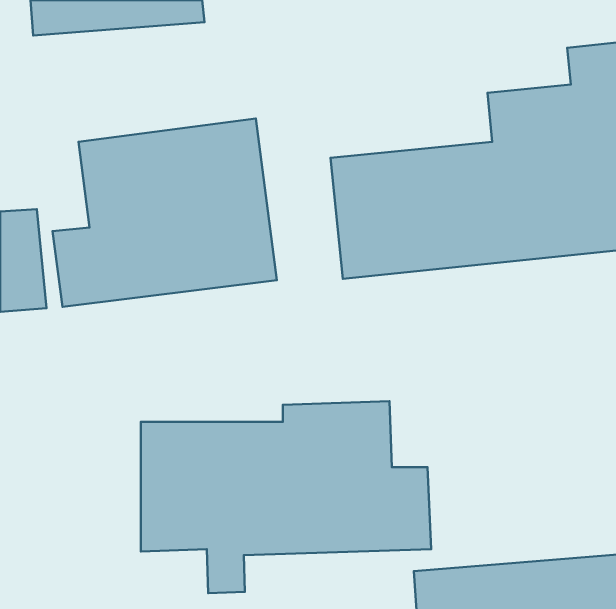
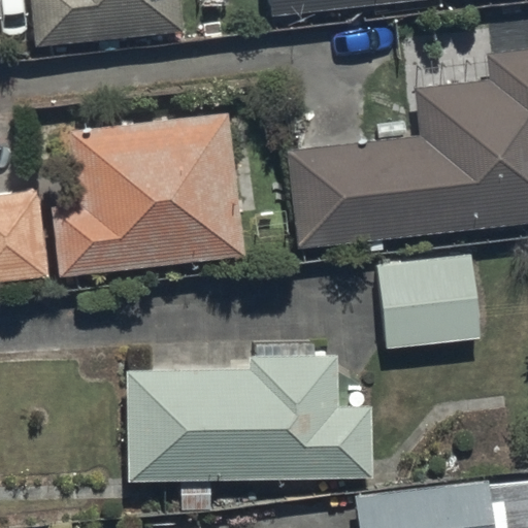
building: none -> [376,254,485,353]

